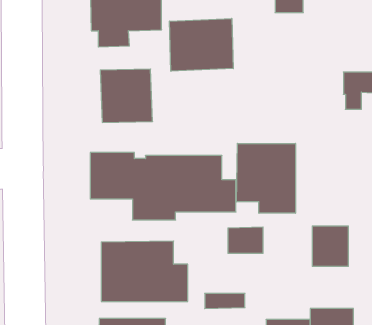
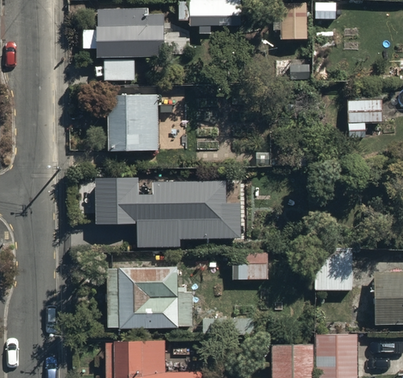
building: [170,18,233,71] -> none
building: [236,143,295,213] -> none

